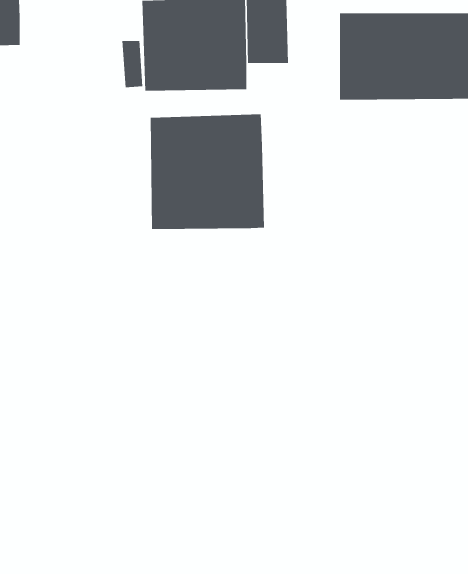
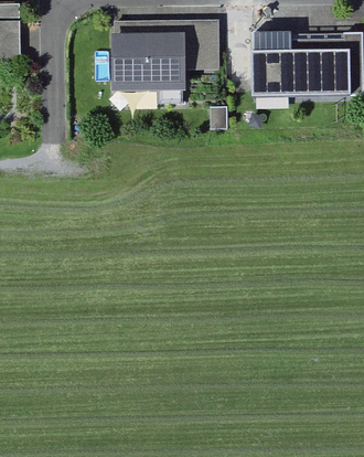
building: [150,113,265,230] -> none

